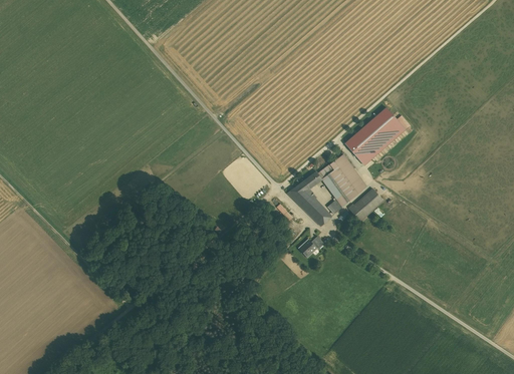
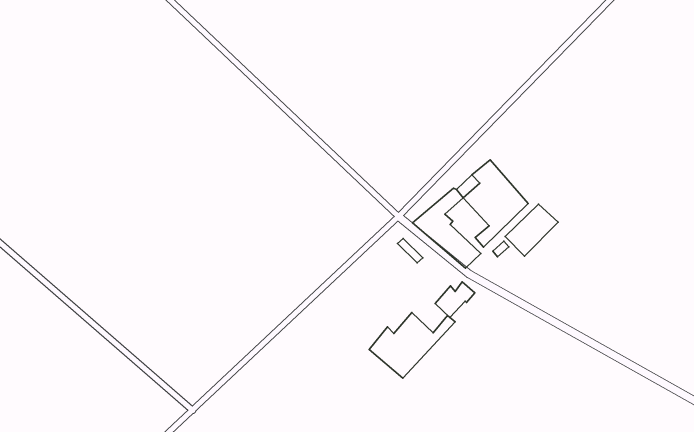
building: [346,107,406,164] -> none
building: none -> [369,312,455,378]

